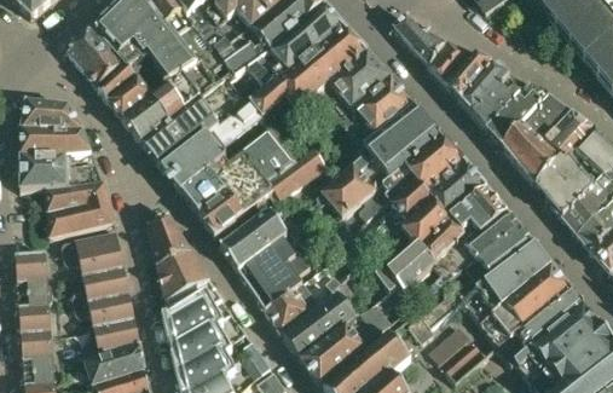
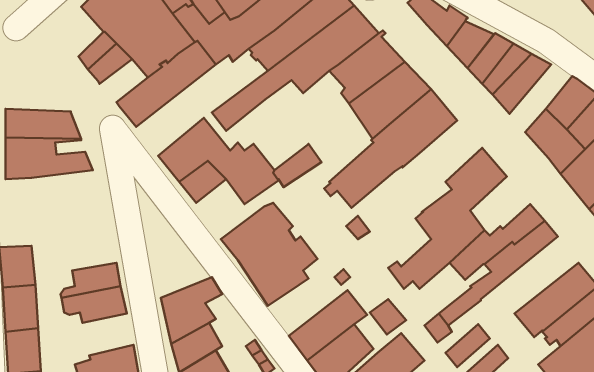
building: [68,29,111,75] -> none
building: [141,68,264,167] -> none
building: [108,77,152,117] -> none
building: [487,82,545,145] -> none
building: [21,96,81,126] -> none
building: [236,126,300,180] -> none
building: [380,134,462,230] -> none
building: [45,180,114,235] -> none
building: [451,186,507,241] -> none
building: [197,189,243,235] -> none
building: [148,213,212,299] -> none
building: [62,230,123,273] -> none
building: [461,242,551,345] -> none
building: [264,287,308,330] -> none
building: [83,313,139,354] -> none

